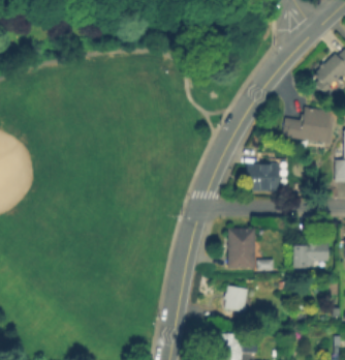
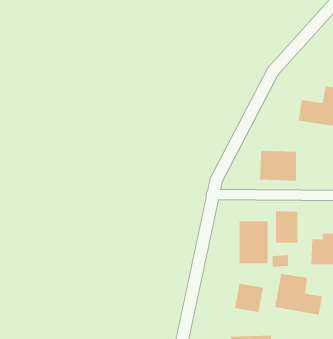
building: none -> [275,211,298,244]
building: none -> [275,273,323,316]

